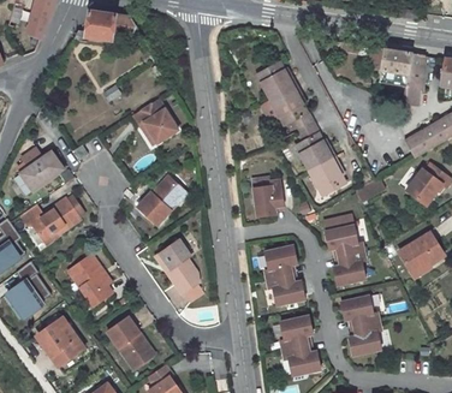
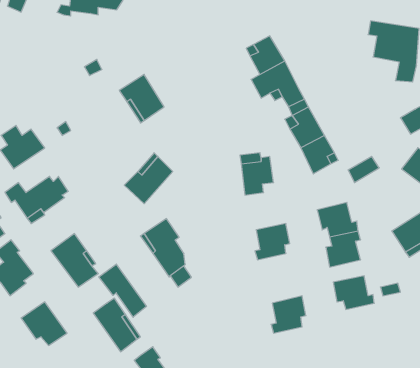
building: [267,273,307,306] -> none
building: none -> [99,264,146,317]
building: [349,321,382,357] -> none
building: [282,344,322,376] -> none

